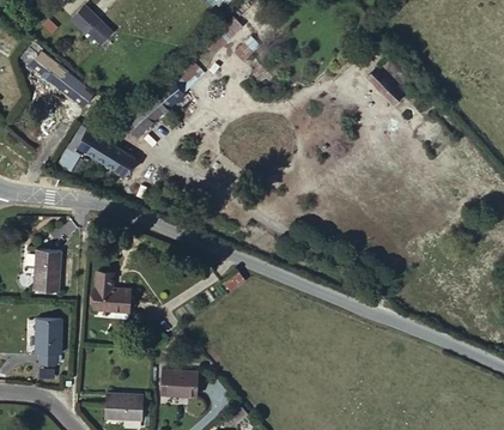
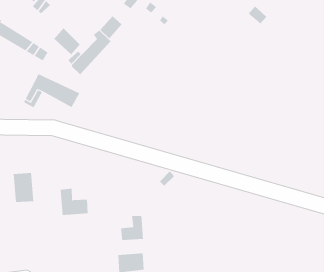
building: none -> [54,28,81,55]
building: [30,317,60,363] -> none
building: none -> [120,215,143,241]

